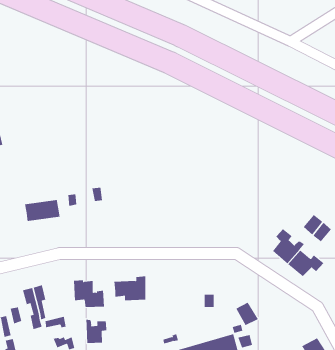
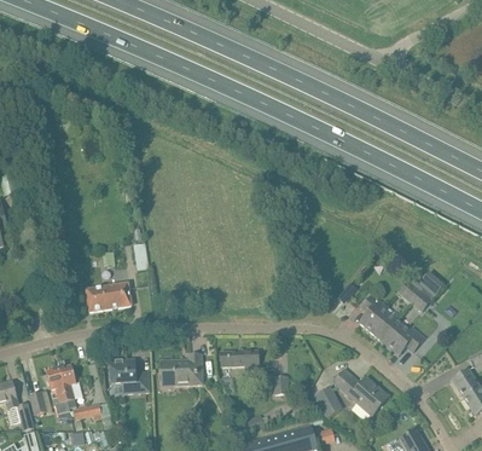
building: [24,199,61,222] -> [86,283,132,311]
building: none -> [221,351,259,371]
building: none -> [333,369,389,412]
building: [86,319,107,344] -> none

